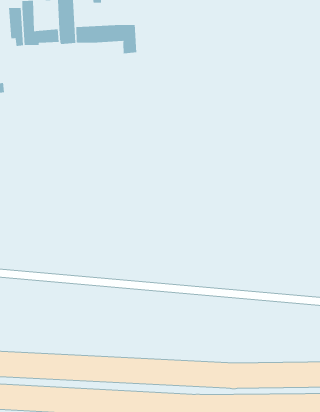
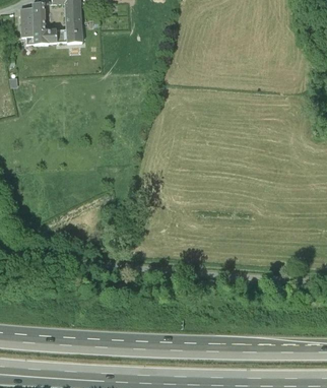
building: [76,24,137,55] -> none

